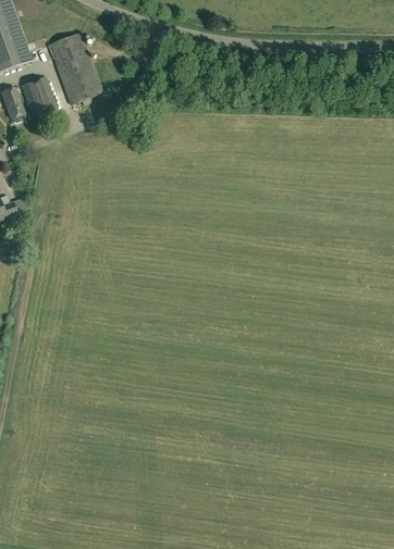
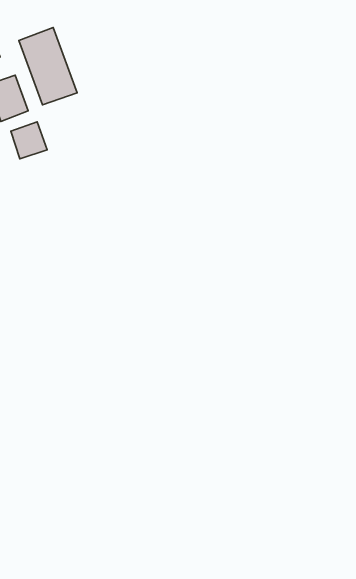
building: none -> [11,122,47,159]

